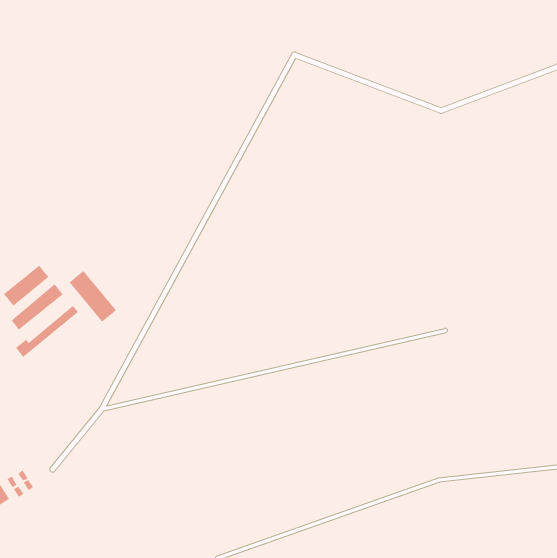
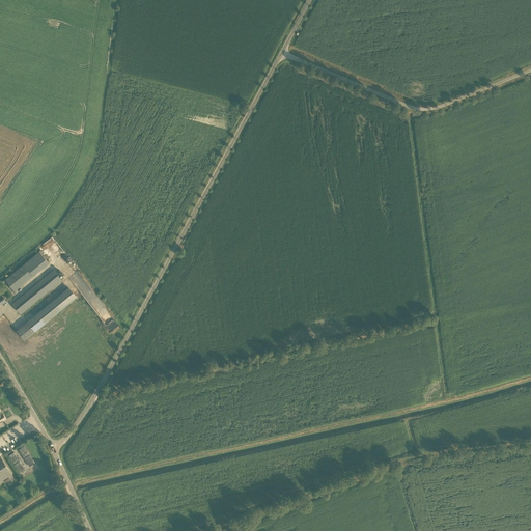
building: [69,270,117,323] -> none

